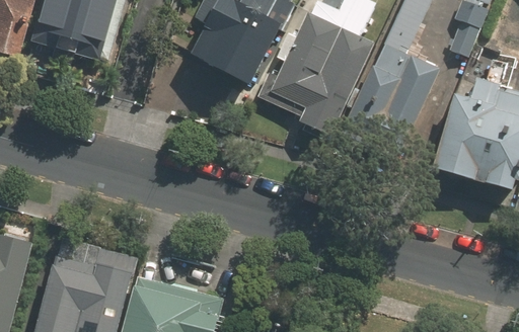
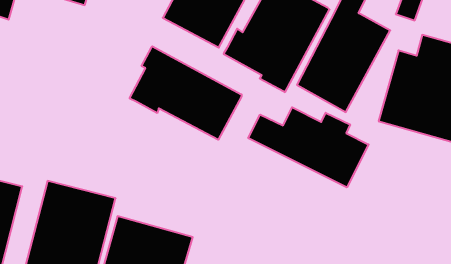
building: none -> [130,46,242,140]
building: none -> [248,107,369,187]

